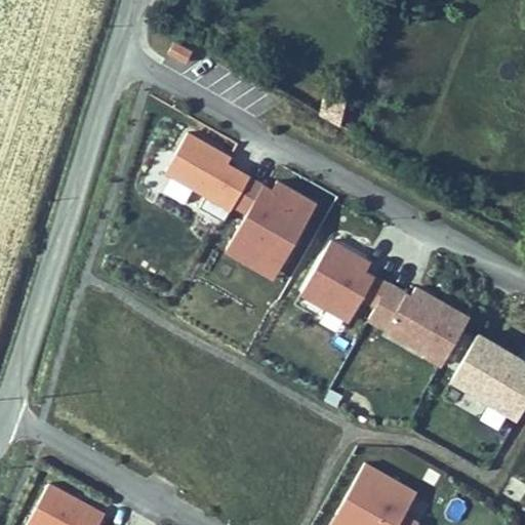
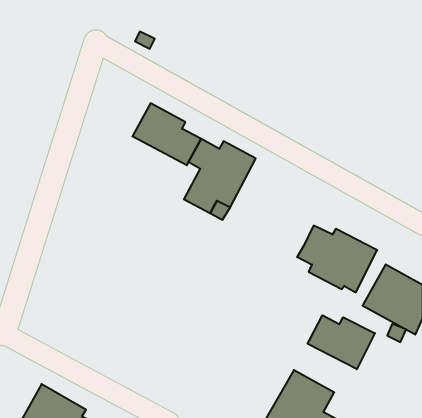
building: [300,241,390,325] -> none
building: none -> [308,315,375,369]

